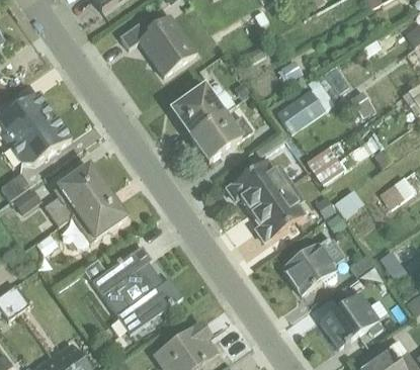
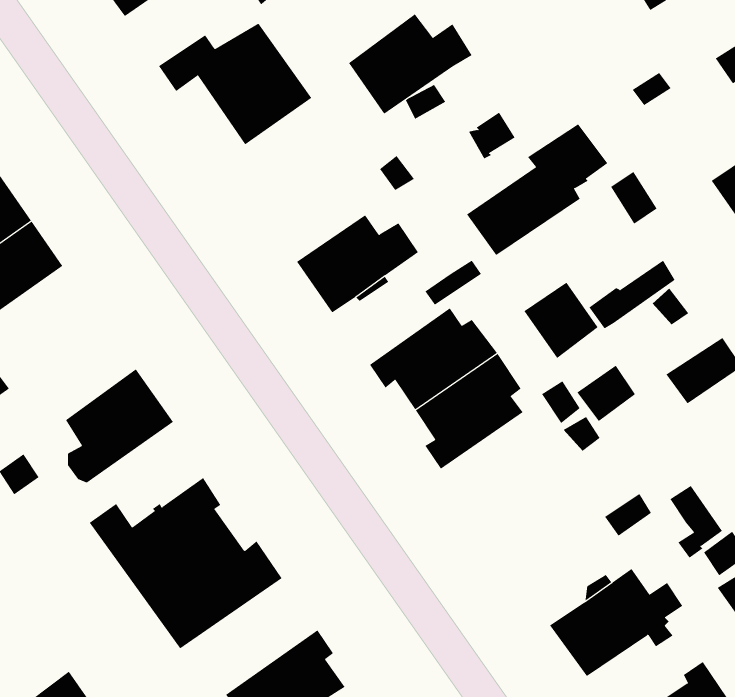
building: [171,84,235,135] -> [348,14,473,114]
building: [45,164,107,225] -> none
building: [282,236,343,295] -> none

